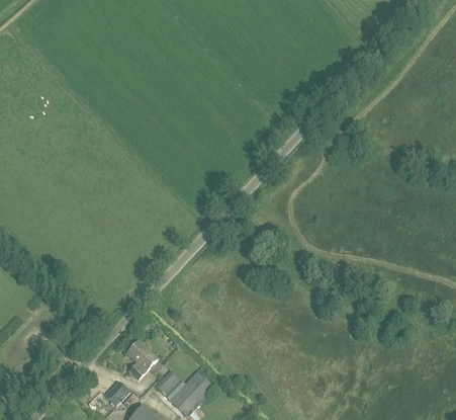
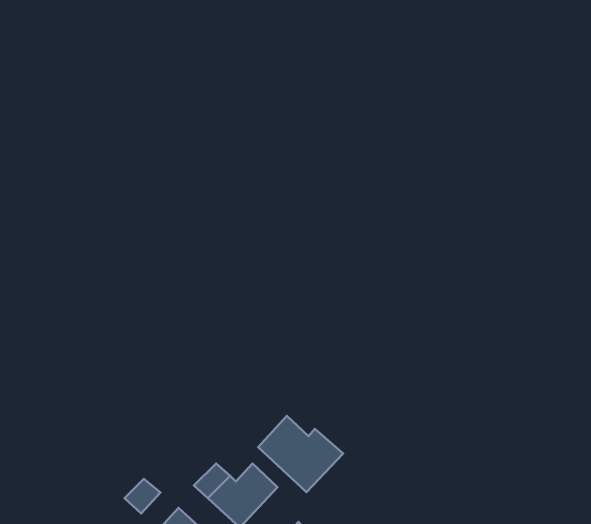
building: none -> [258,416,343,492]
building: [126,340,157,380] -> none

